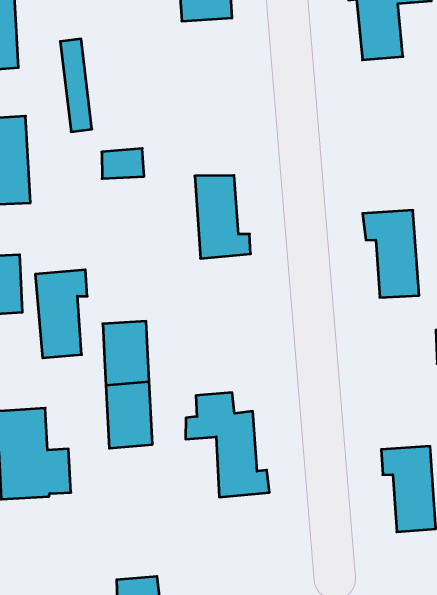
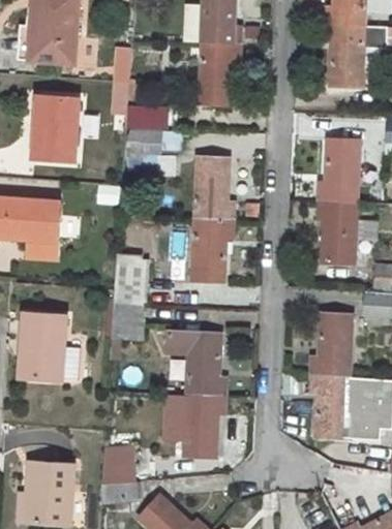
building: none -> [200,42,239,105]
building: none -> [125,106,169,128]
building: none -> [318,142,358,201]
building: [35,270,87,358] -> [192,218,232,281]
building: none -> [310,315,350,376]
building: none -> [171,395,224,455]

